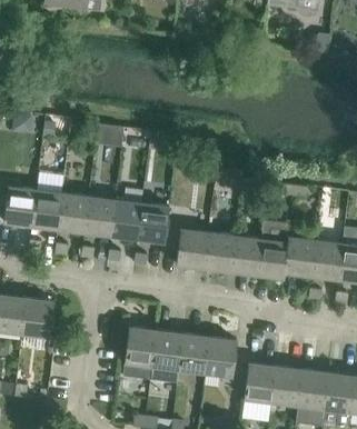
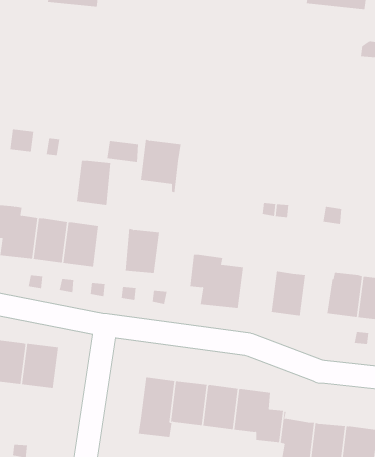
building: [85,198,115,237] -> [76,160,111,206]
building: [137,203,172,250] -> [140,139,182,193]
building: [209,233,241,272] -> none
building: [262,240,289,279] -> none

